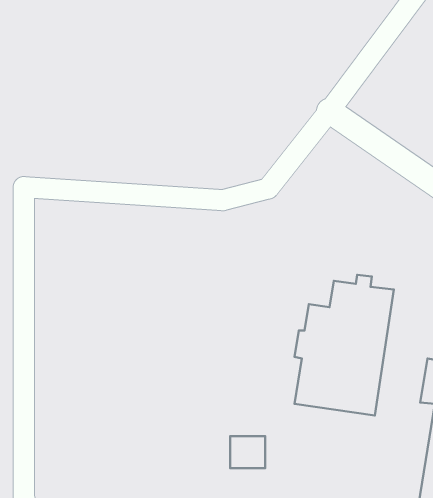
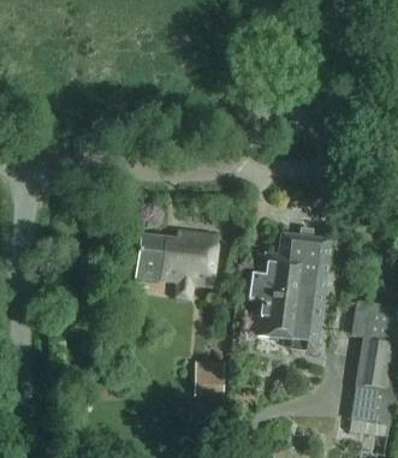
building: none -> [135,231,216,297]

